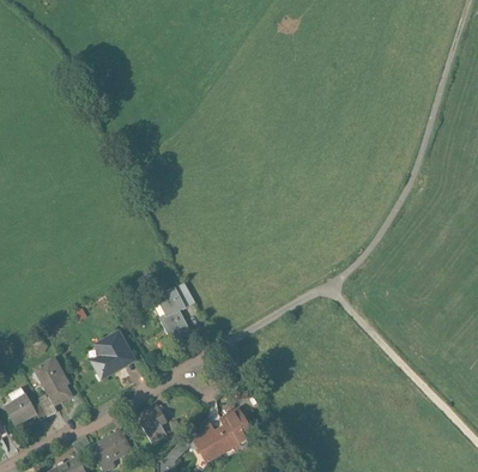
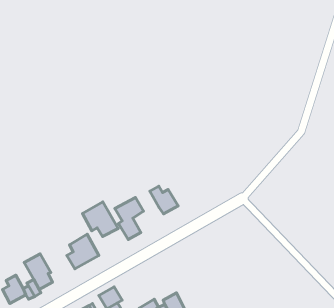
building: none -> [150,186,178,214]
building: none -> [82,202,118,237]

